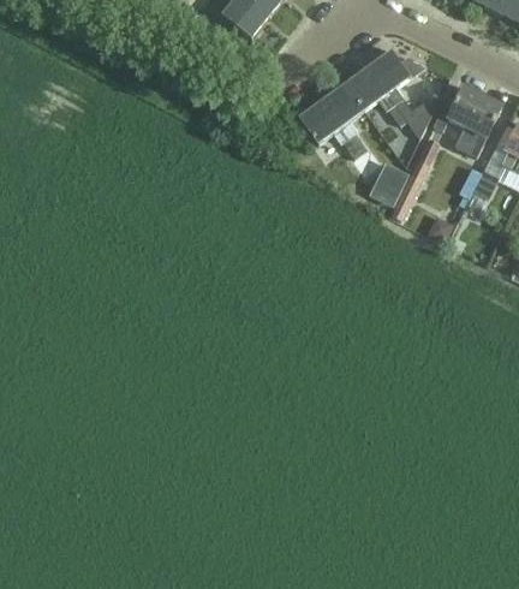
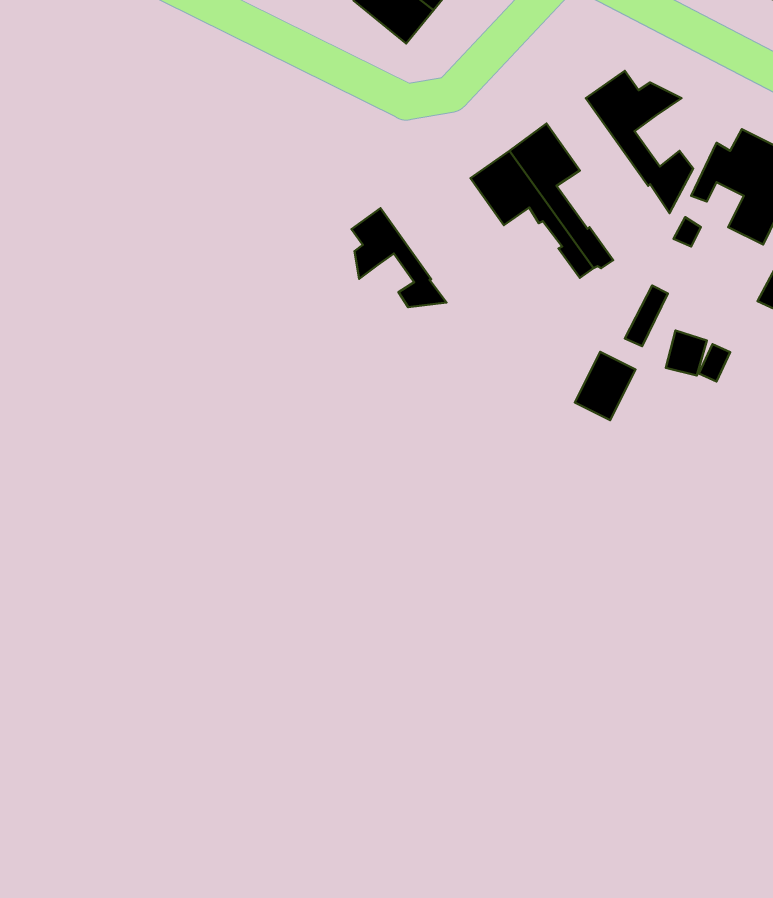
building: [344,66,406,125] -> none
building: none -> [352,208,447,307]
building: [371,163,408,206] -> [575,352,635,420]

